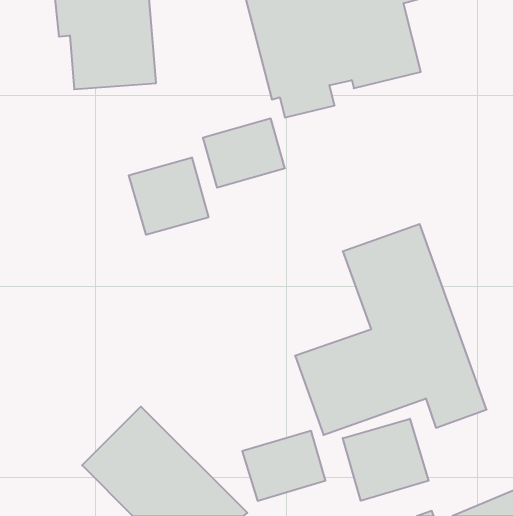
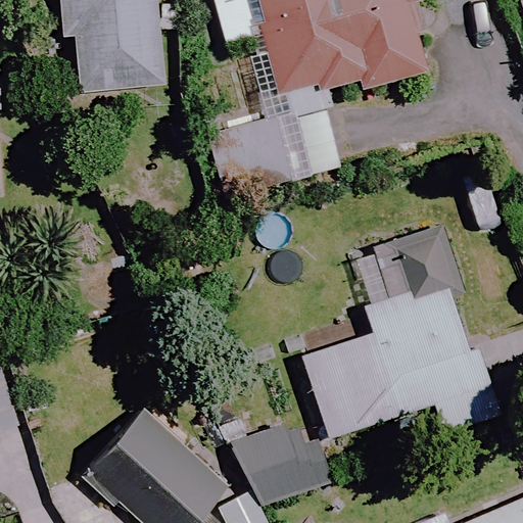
building: [129,157,208,235] -> none
building: [343,419,429,501] -> none

